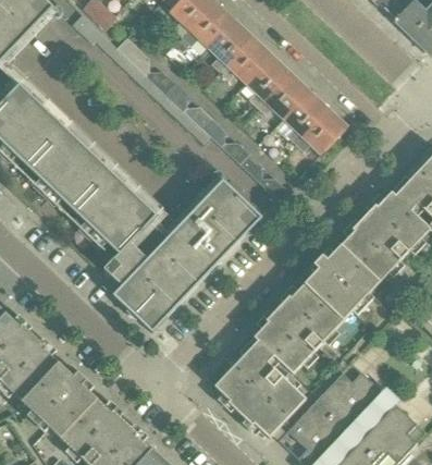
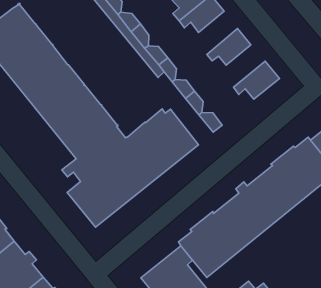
building: [245,54,291,109] -> none
building: [283,90,329,144] -> none

